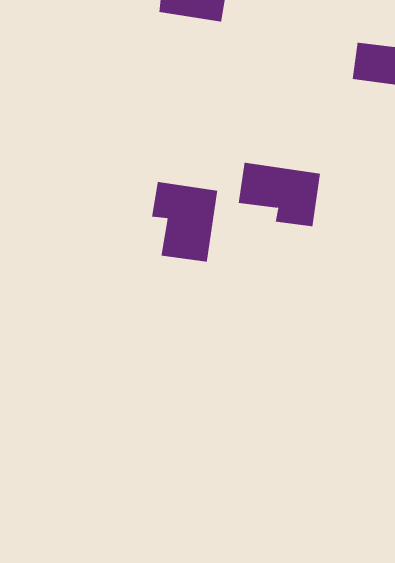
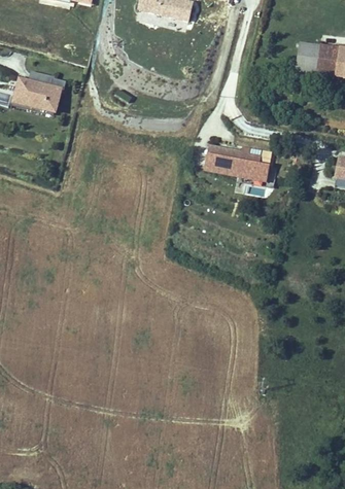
building: none -> [11,70,67,116]
building: [151,181,218,263] -> none

